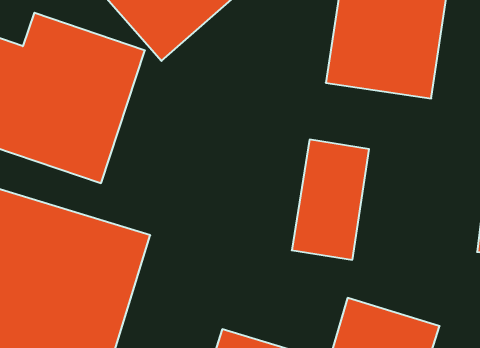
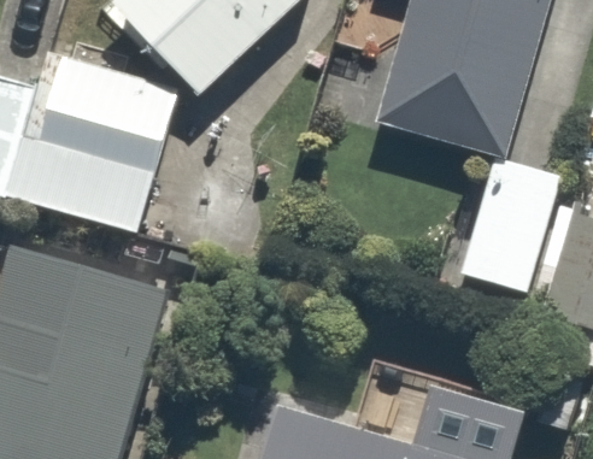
building: [292,140,369,260] -> [466,154,556,293]

